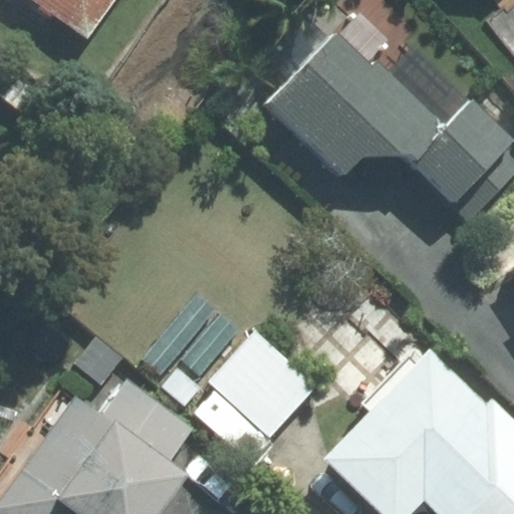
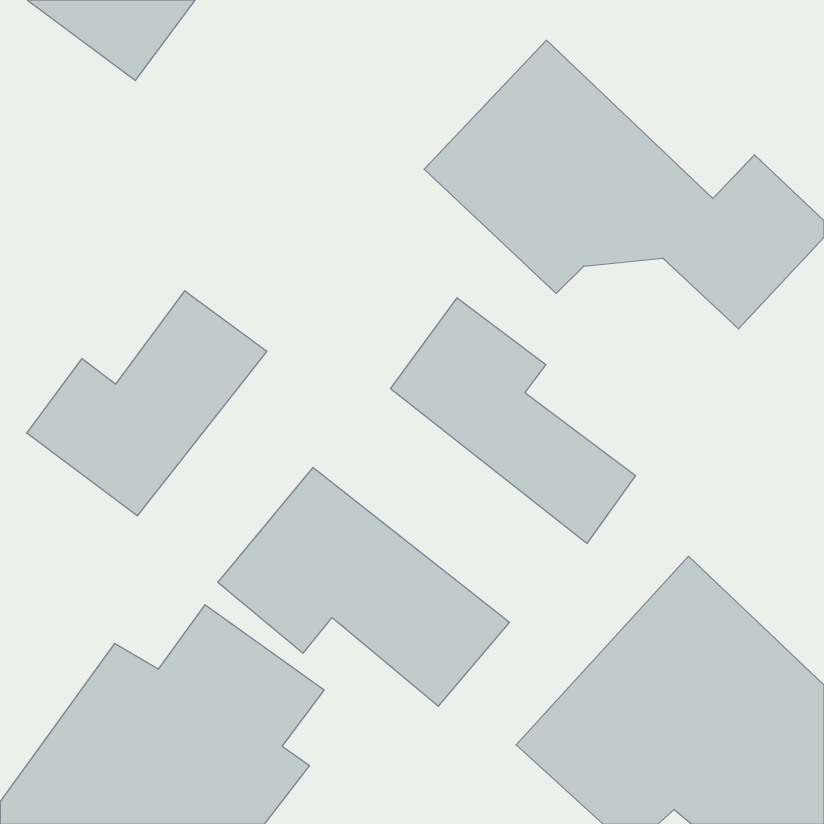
building: none -> [27,291,267,516]
building: none -> [391,298,635,543]

